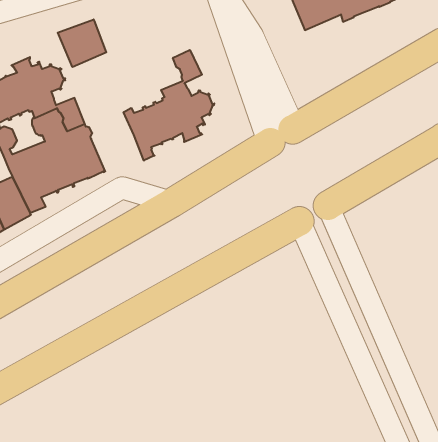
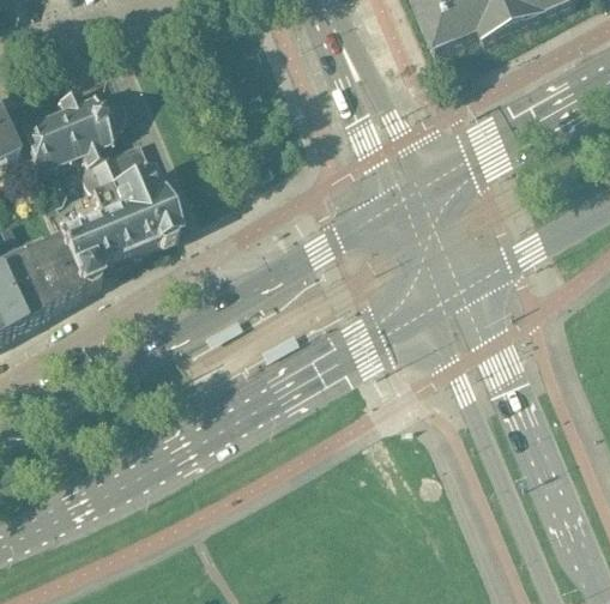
building: [58,19,106,67] -> none
building: [124,50,214,161] -> none

